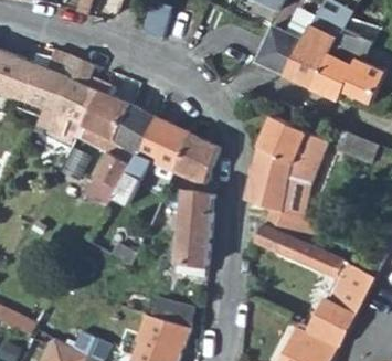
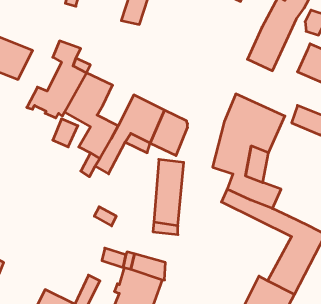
building: [254,24,301,75] -> none
building: [314,29,357,99] -> none
building: [22,49,72,112] -> none
building: [113,105,155,151] -> none

